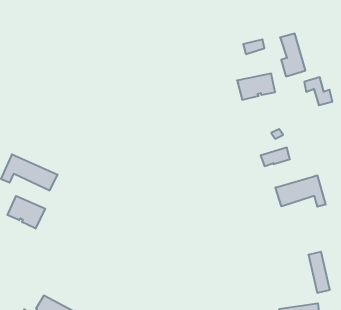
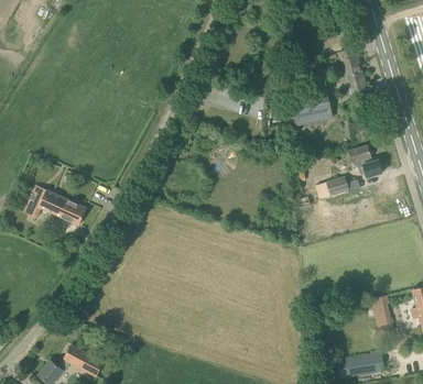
building: [304,77,332,105] -> [350,145,382,177]
building: [275,175,326,207] -> none
building: [7,196,45,229] -> none

